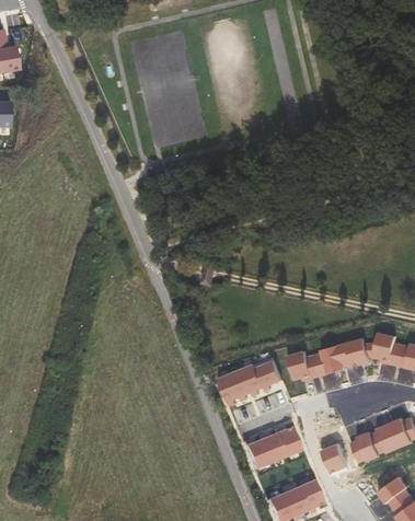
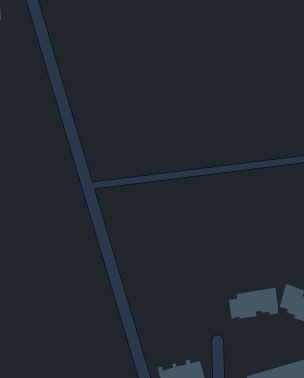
building: [288,350,321,380] -> none
building: [219,357,283,405] -> none

